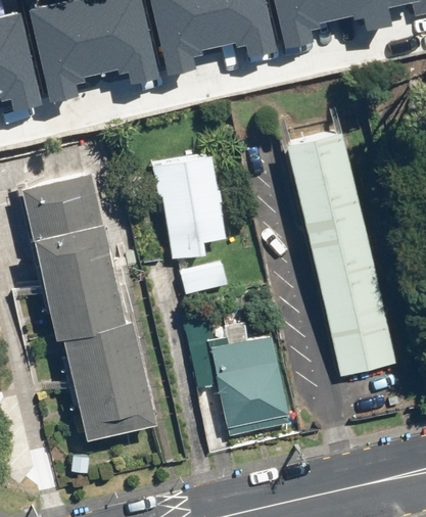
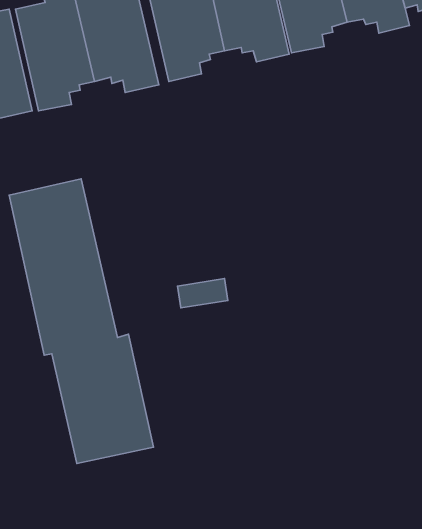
building: [284,125,396,373] -> none
building: [150,149,223,255] -> none
building: [181,306,289,430] -> none

